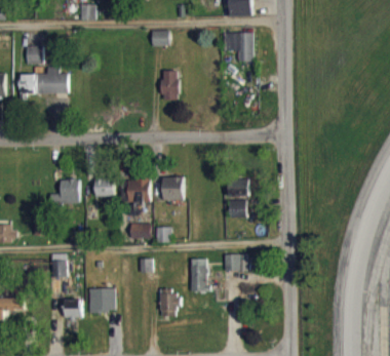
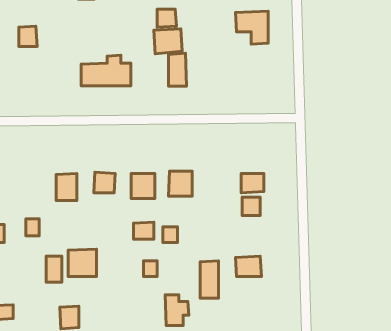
building: none -> [154,29,182,54]
building: [23,66,68,93] -> [81,55,131,86]
building: [88,287,114,312] -> [68,249,96,276]

